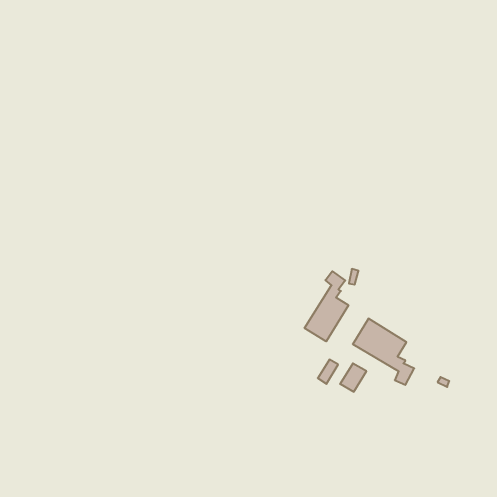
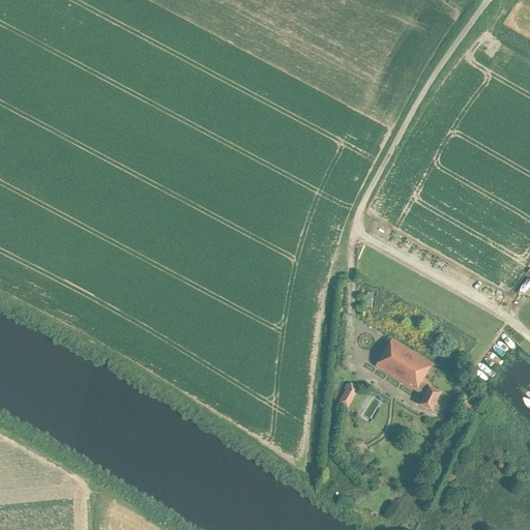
building: [305,271,348,341] -> none

